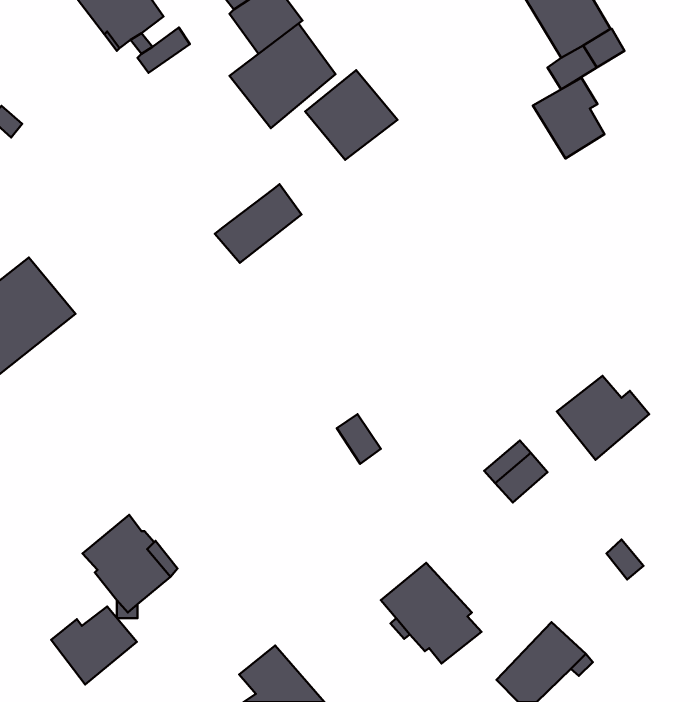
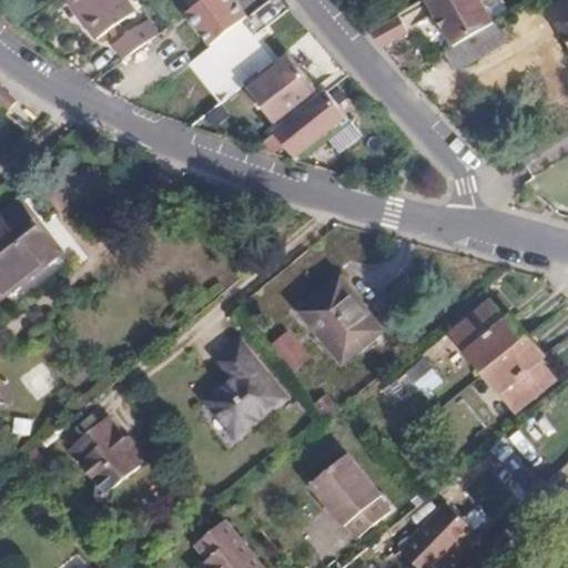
building: [533,78,605,159] -> none
building: [215,184,302,263] -> [273,93,343,156]
building: none -> [297,276,379,359]
building: none -> [480,334,548,409]
building: none -> [213,349,281,430]
building: [51,606,137,684] -> none

